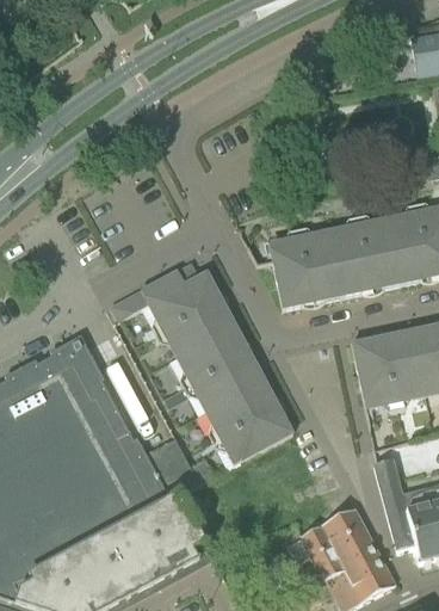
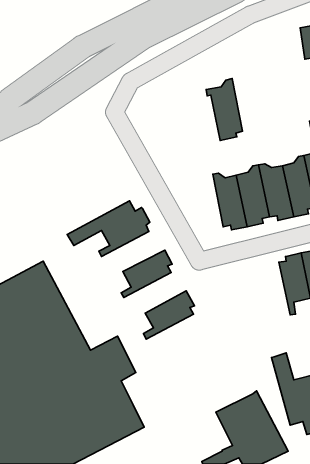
building: [266,227,313,307] -> [206,78,242,140]
building: [156,301,237,352] -> none
building: [353,337,398,409] -> none
building: [185,353,265,406] -> none
building: [214,407,295,459] -> none

